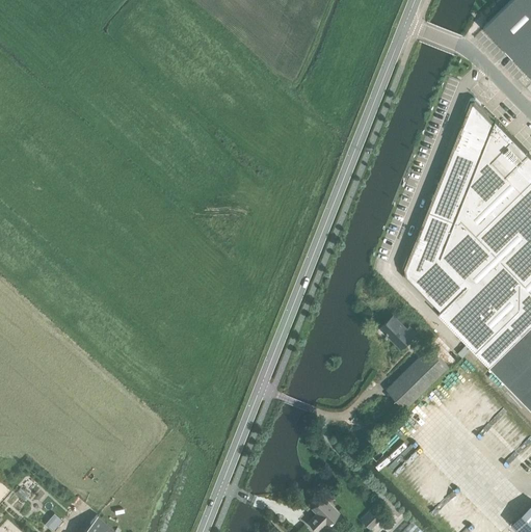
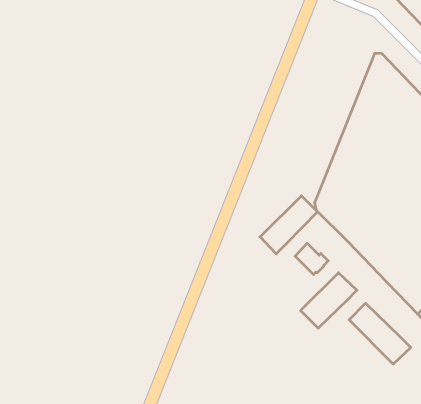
building: none -> [260,196,318,254]
building: none -> [349,303,411,364]

